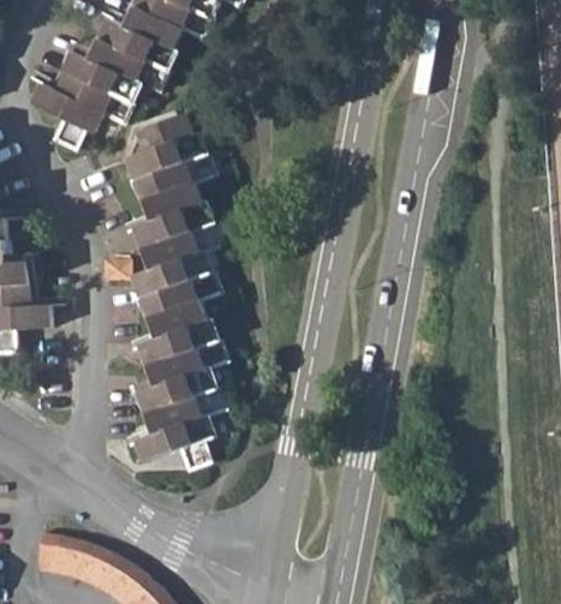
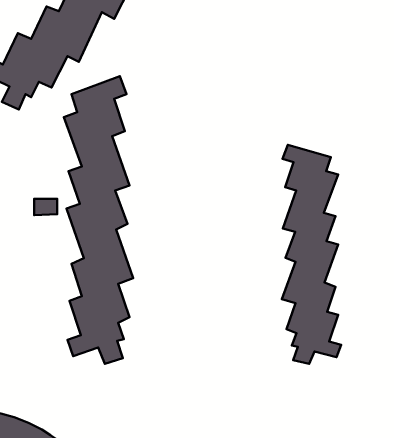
building: none -> [282,145,341,364]

